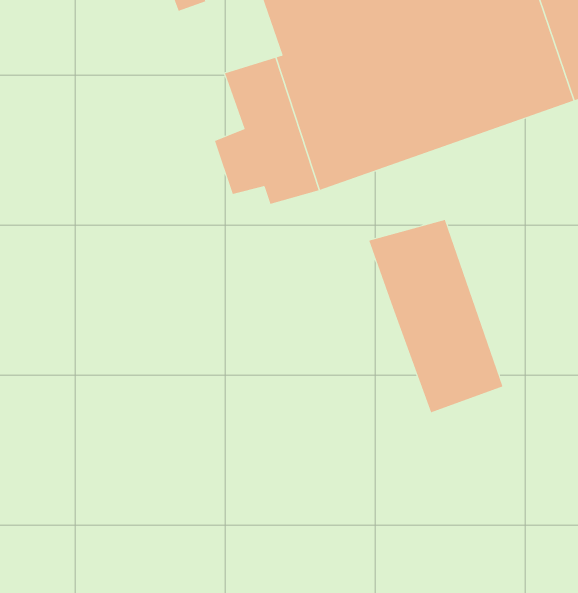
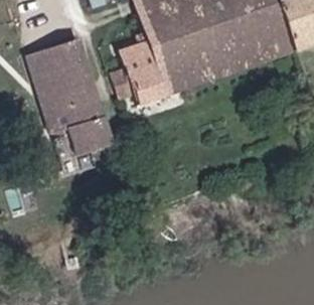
building: none -> [27,40,113,155]
building: [369,219,503,413] -> none

